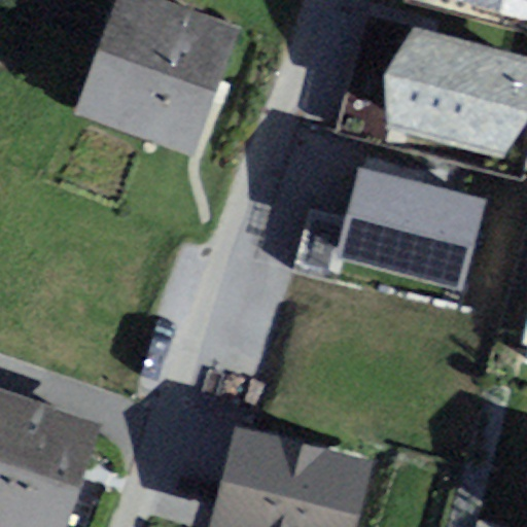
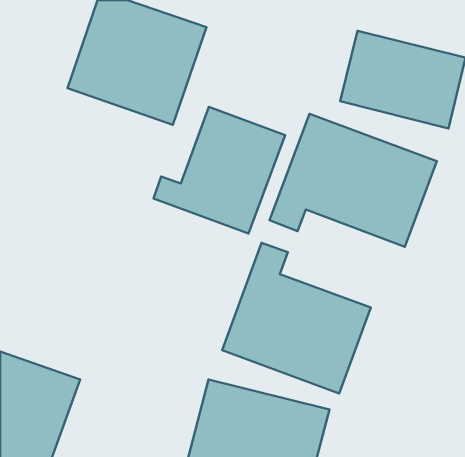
building: none -> [154,107,285,233]
building: none -> [222,243,371,394]

